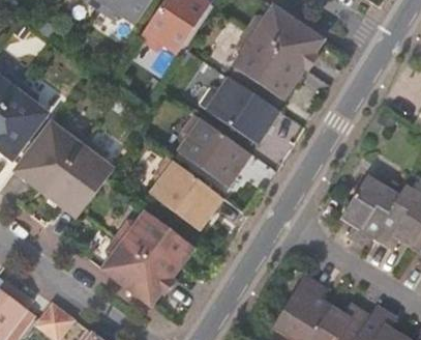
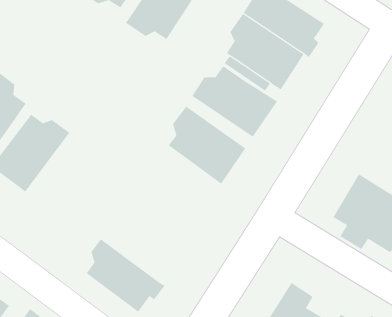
building: [48,139,115,217] -> none
building: [151,155,224,229] -> none
building: [117,210,196,278] -> none

